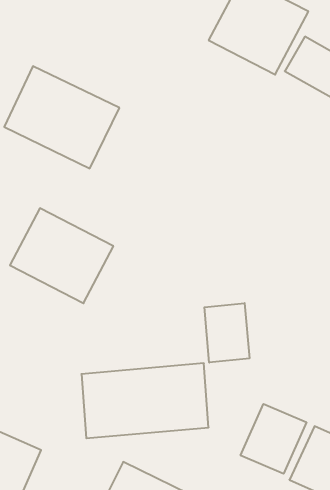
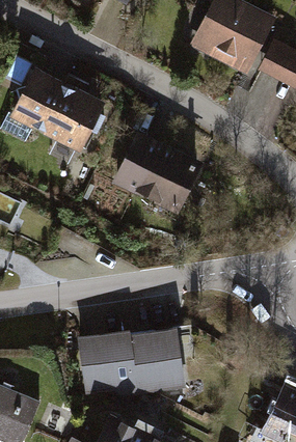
building: [10,208,113,303] -> [113,132,204,215]
building: [204,303,249,363] -> none
building: [241,404,306,474] -> none

